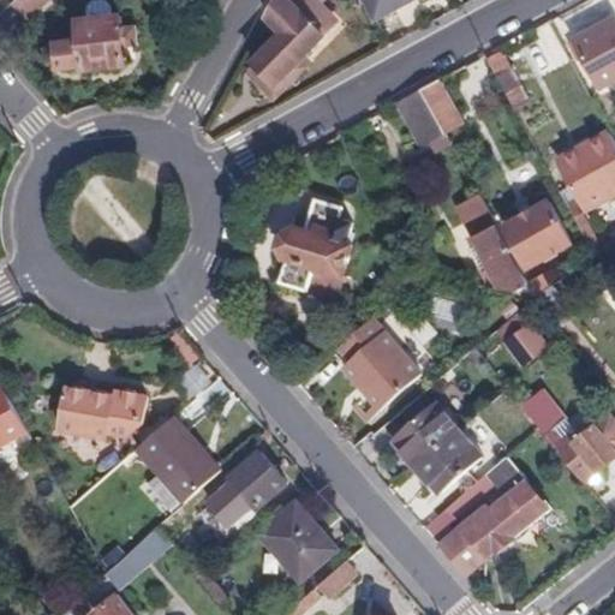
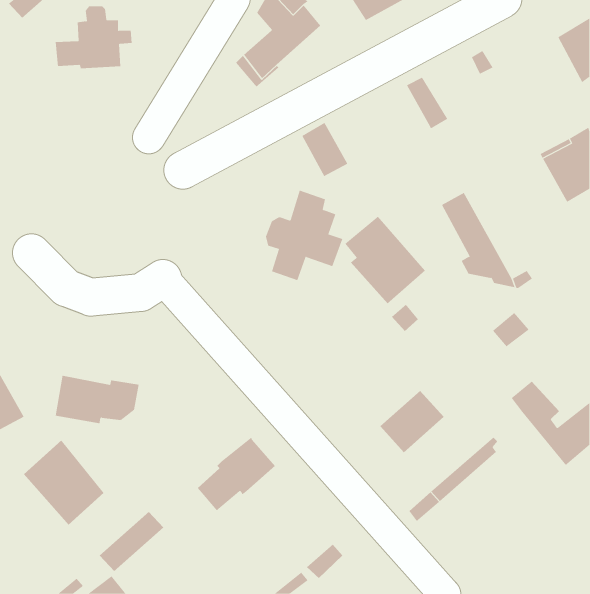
building: [395,88,443,144] -> [302,122,348,177]
building: [506,202,573,269] -> none
building: [336,317,420,408] -> [344,216,426,304]
building: [132,417,216,506] -> [23,439,105,526]
building: [417,430,482,492] -> none
building: [437,480,549,579] -> none
building: [257,501,334,580] -> none

